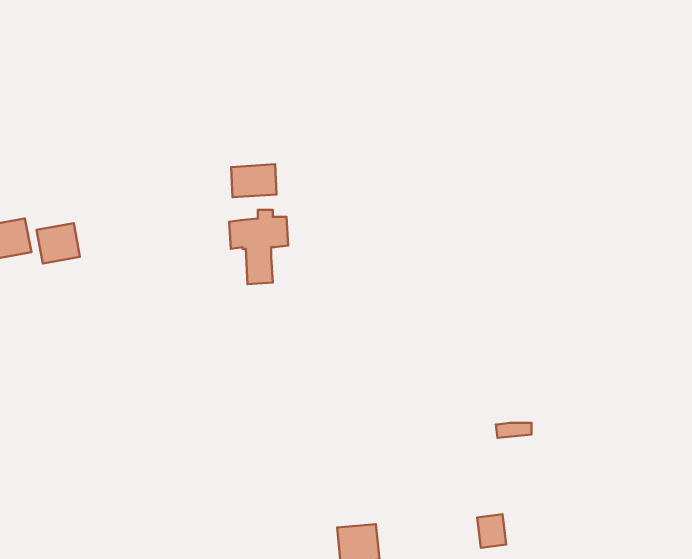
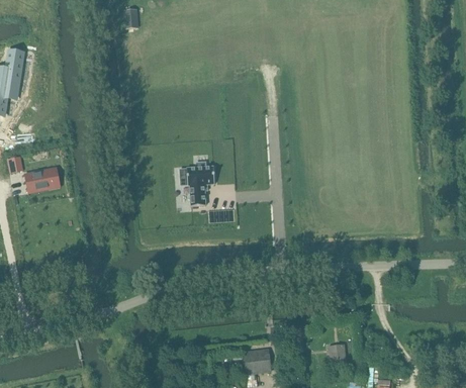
building: [231,164,277,197] -> none
building: [37,223,80,263] -> none

